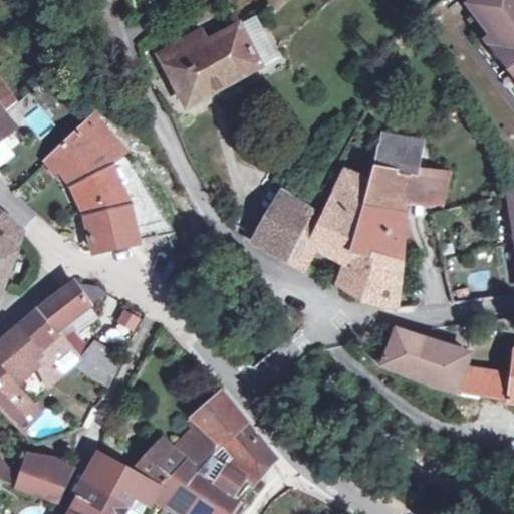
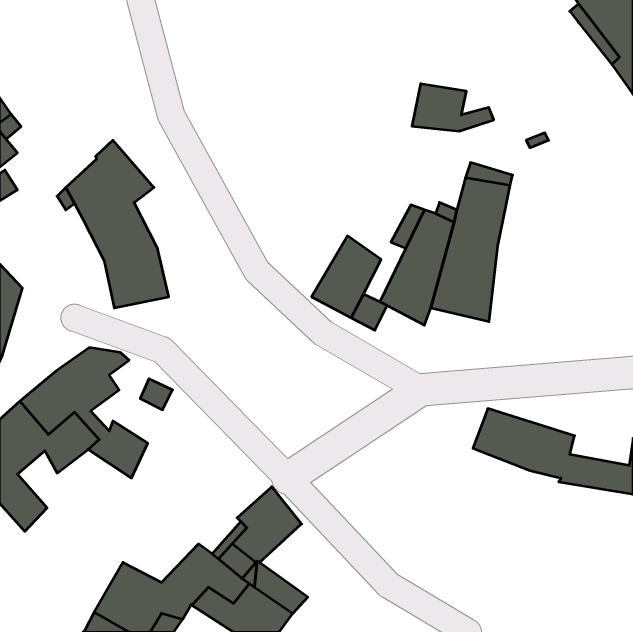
building: [159,14,276,103] -> none
building: [403,165,469,203] -> [412,84,494,131]
building: [336,249,397,305] -> none
building: [210,424,270,483] -> none
building: [15,456,70,497] -> none

